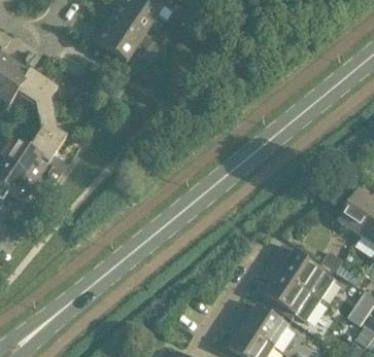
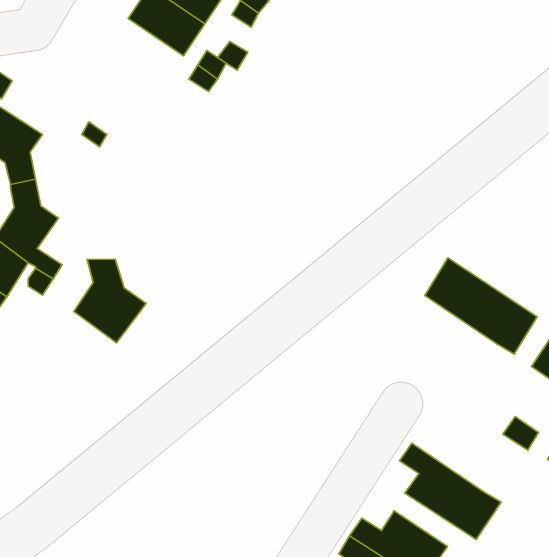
building: [94,21,138,62] -> none
building: none -> [74,259,146,343]
building: [270,244,335,299] -> [425,258,537,354]

